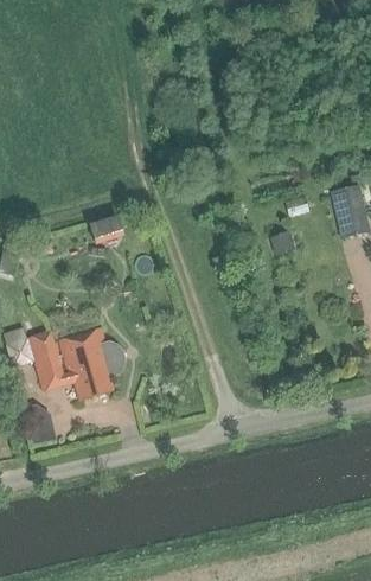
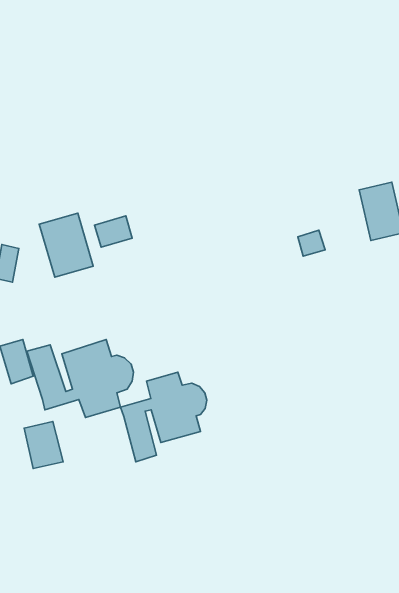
building: none -> [39,213,93,277]
building: none -> [121,372,207,462]

